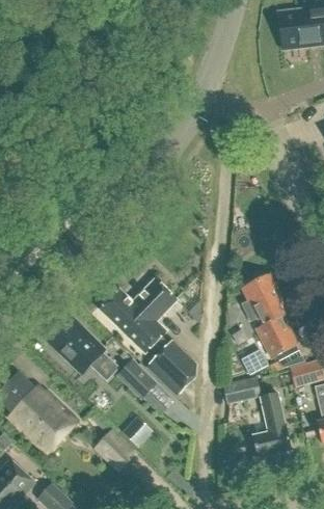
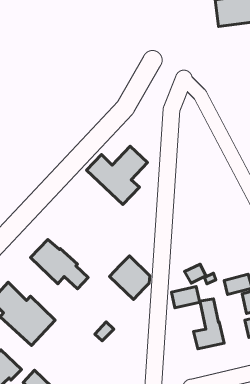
building: [240,272,296,355] -> none
building: [100,278,177,352] -> [87,146,148,205]
building: [116,357,158,400] -> none
building: [93,428,139,472] -> none

